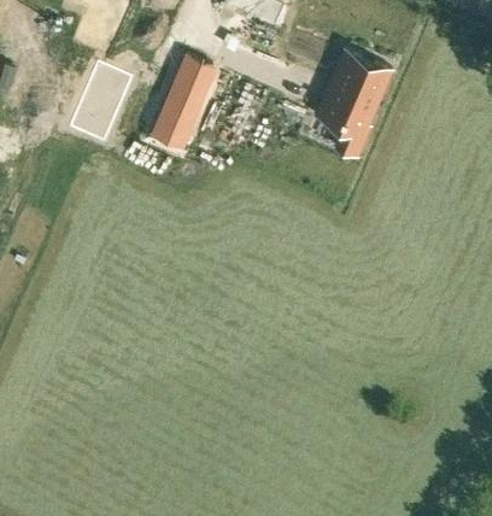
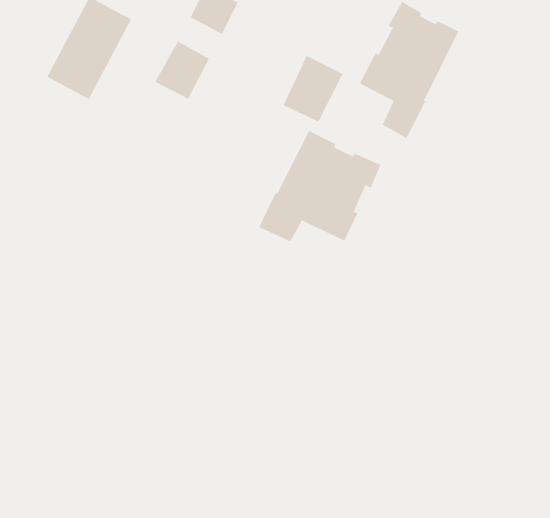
building: none -> [283,55,343,123]
building: none -> [258,130,381,242]

